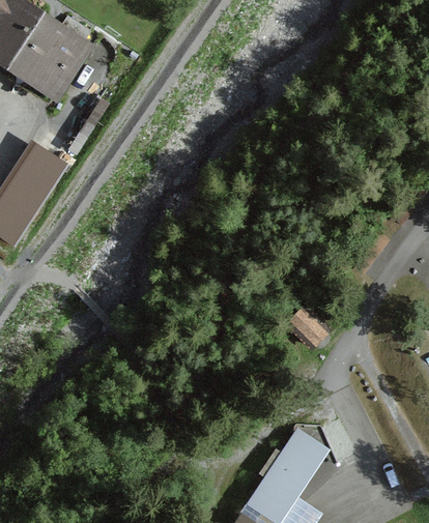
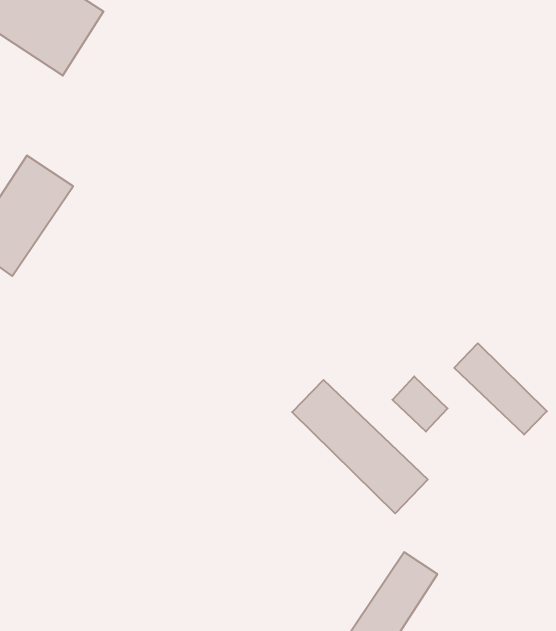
building: none -> [454,343,547,435]
building: none -> [292,380,428,513]

